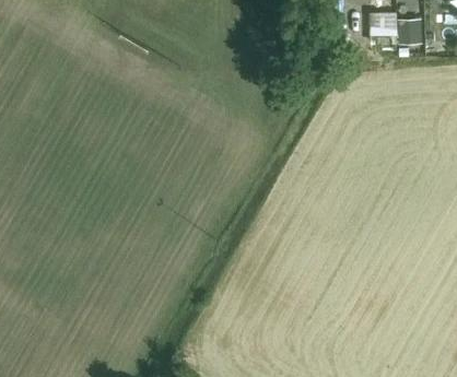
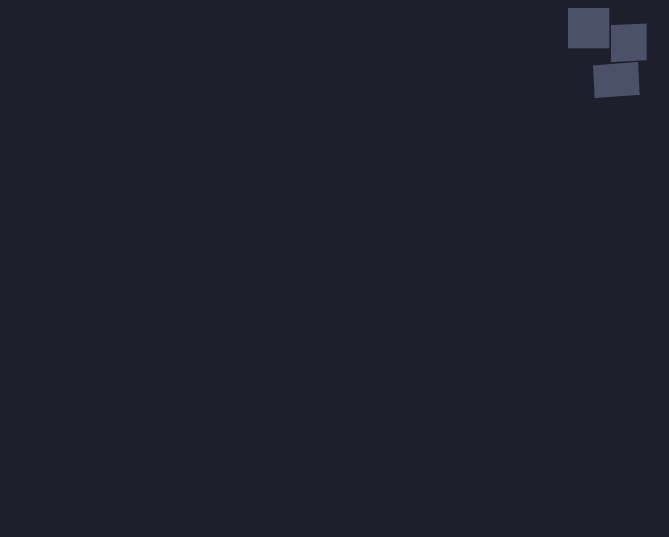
building: none -> [593,61,640,99]

